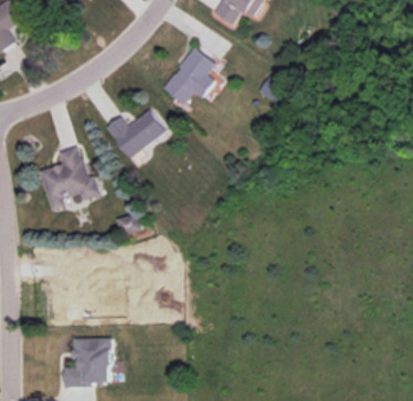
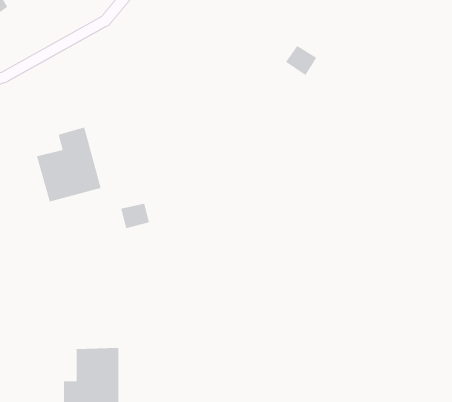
building: [160,46,213,104] -> none
building: [105,108,166,158] -> none

